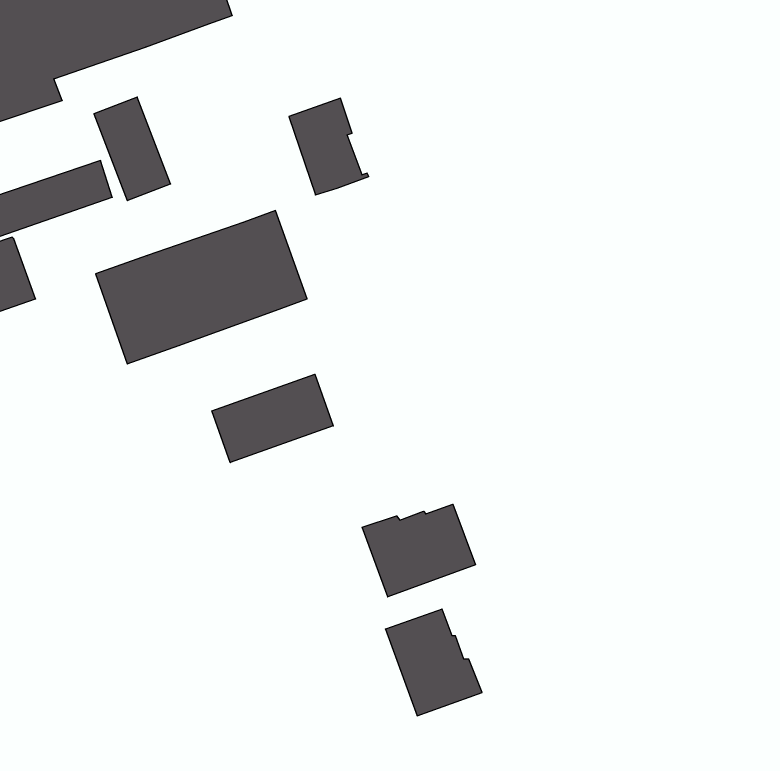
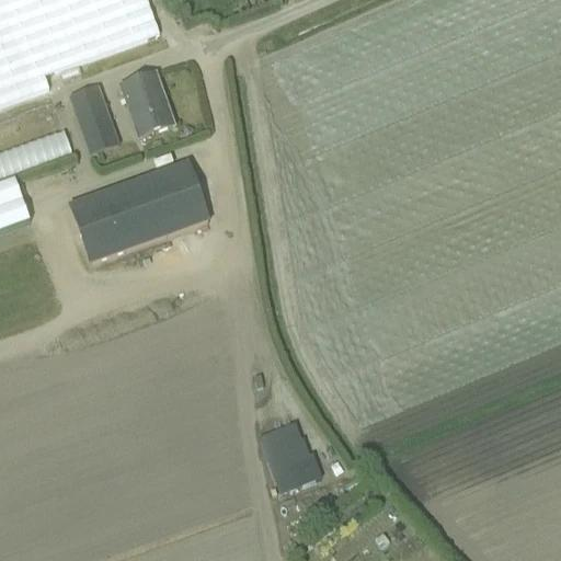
building: [289,98,369,195] -> [121,71,173,135]
building: [212,374,333,463] -> none
building: [362,504,476,597] -> none

